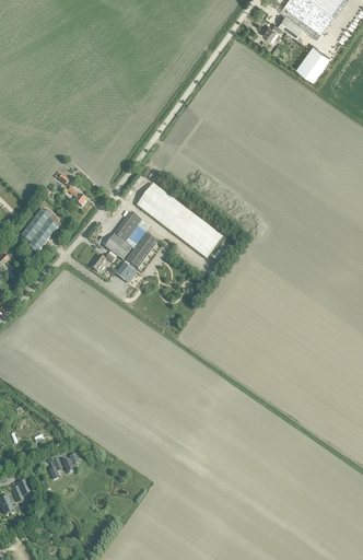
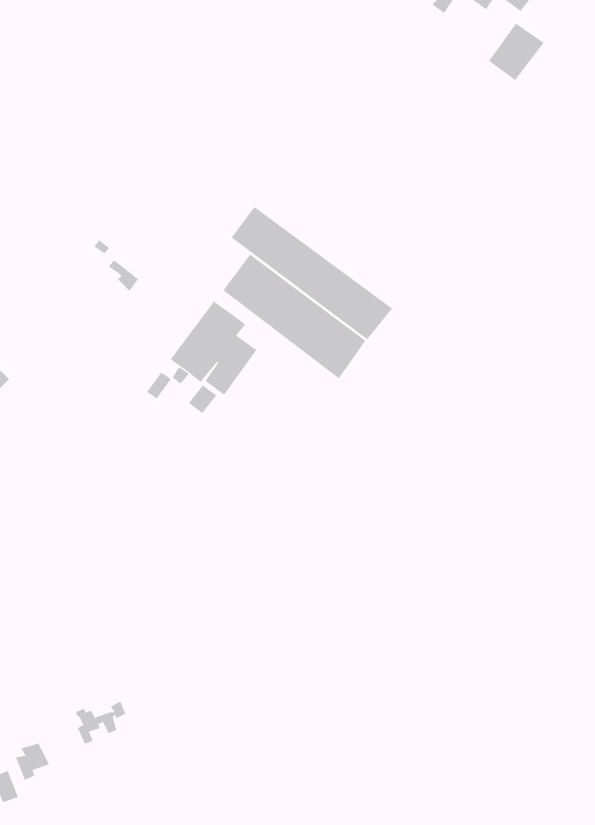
building: none -> [231,206,393,340]
building: [21,207,58,253] -> none

